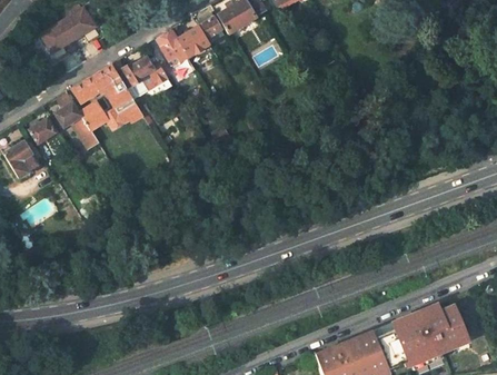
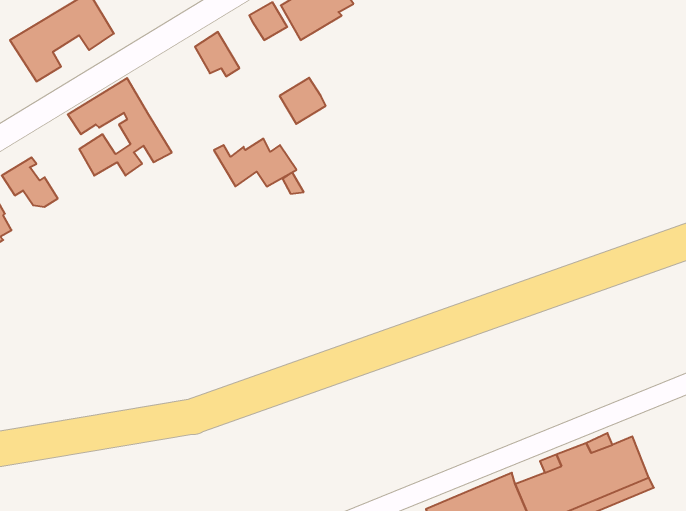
building: [178,27,209,58] -> [280,78,326,124]
building: [113,57,169,89] -> [214,139,296,186]
building: [54,102,99,150] -> none

